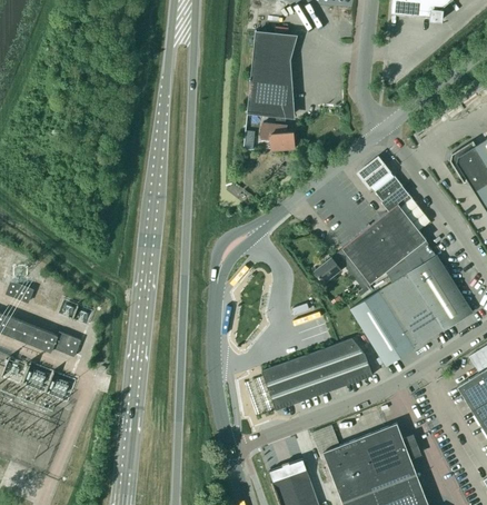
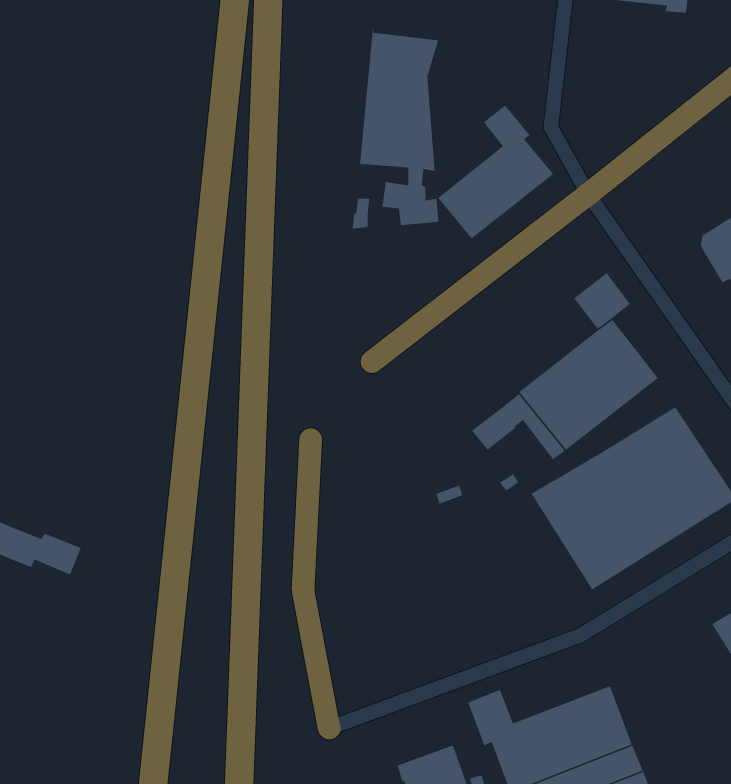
building: none -> [437,104,554,240]
building: [358,158,392,192] -> none
building: [386,240,437,284] -> none
building: [264,339,374,410] -> none

